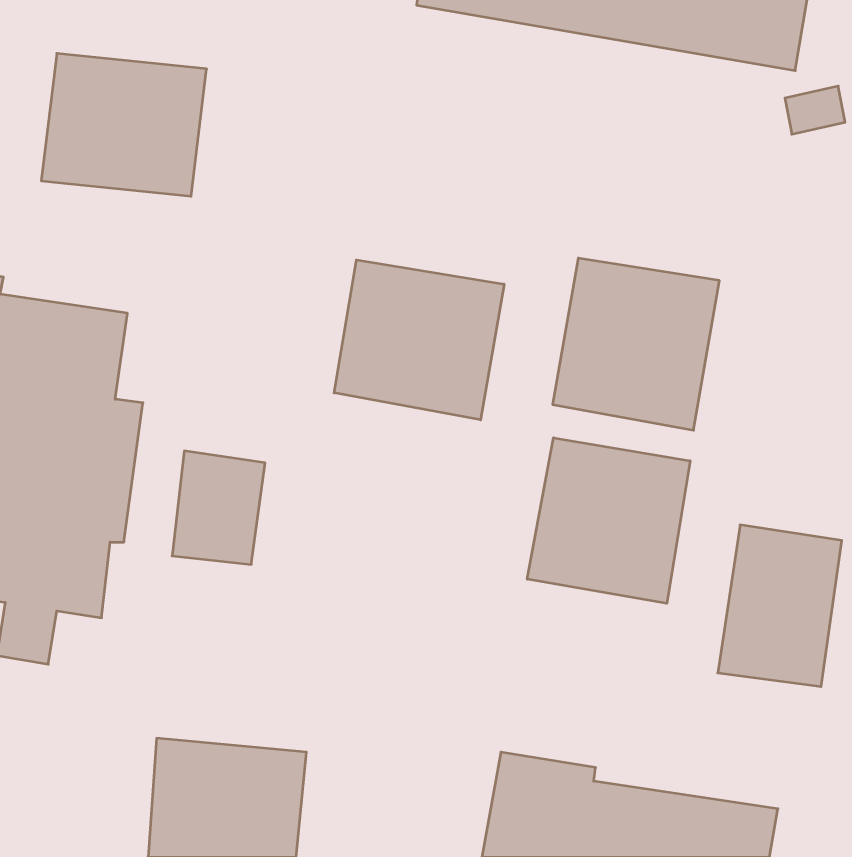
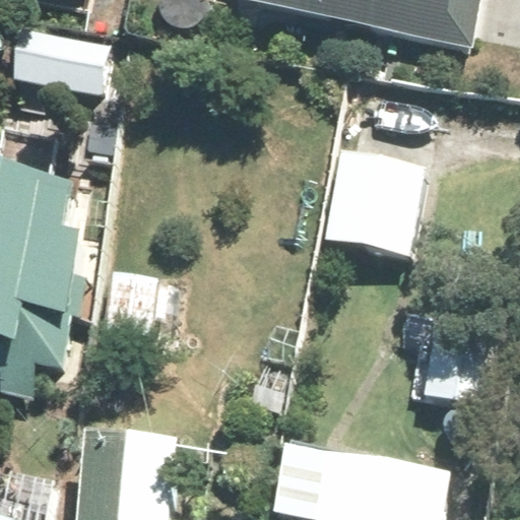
building: [334,260,504,420] -> none
building: [527,438,690,603] -> none

